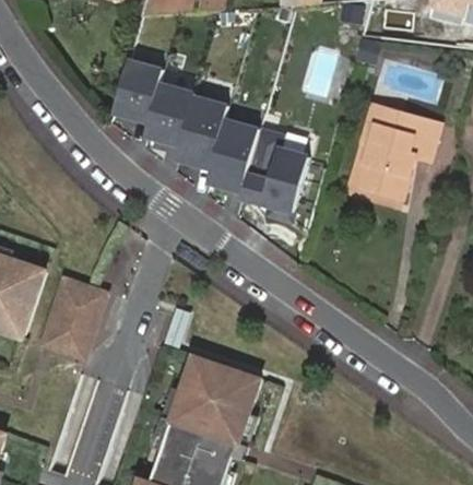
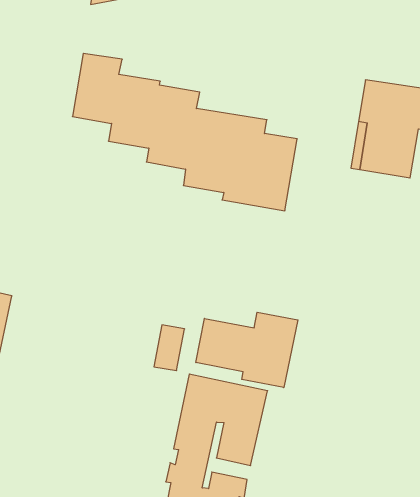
building: [42,272,105,353] -> none
building: none -> [196,312,298,388]

